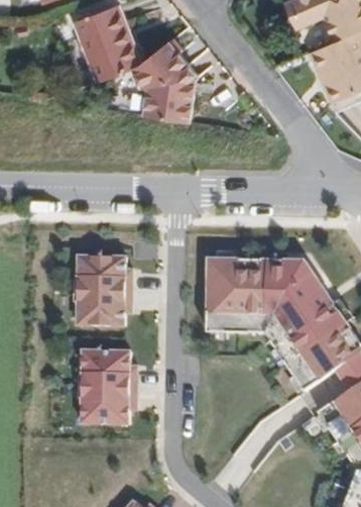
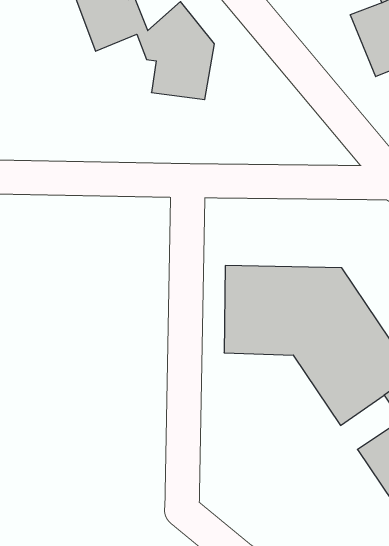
building: [76,256,131,325] -> none
building: [80,349,129,420] -> none

